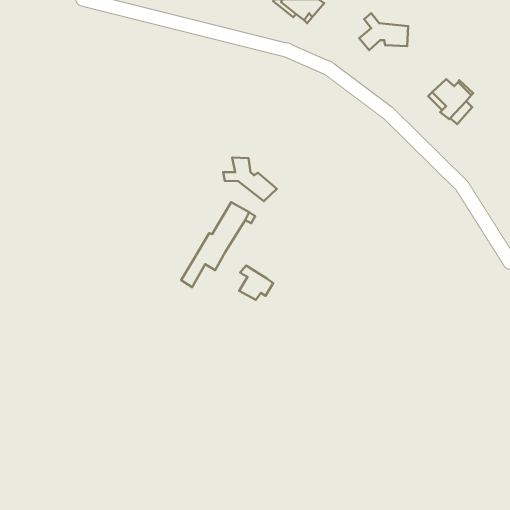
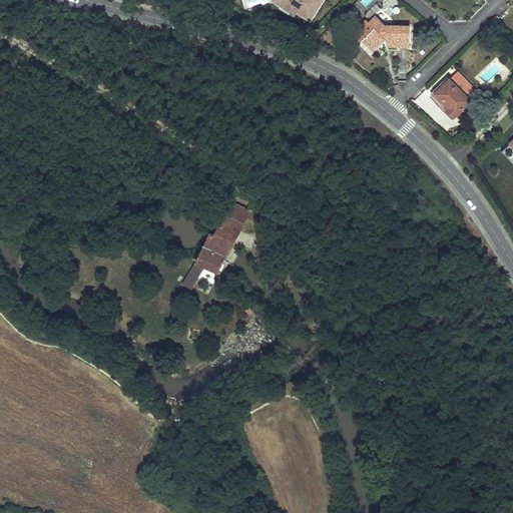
building: [223,158,277,201] -> none
building: [239,265,273,300] -> none

